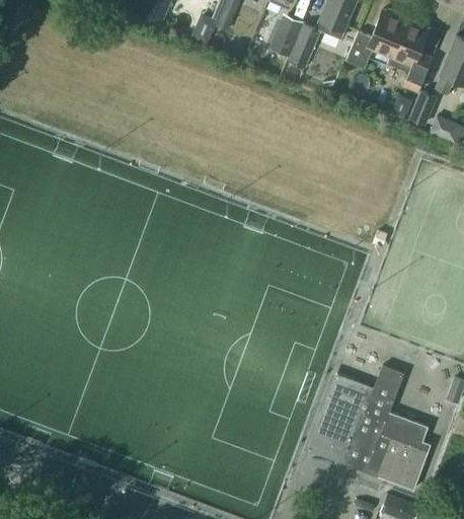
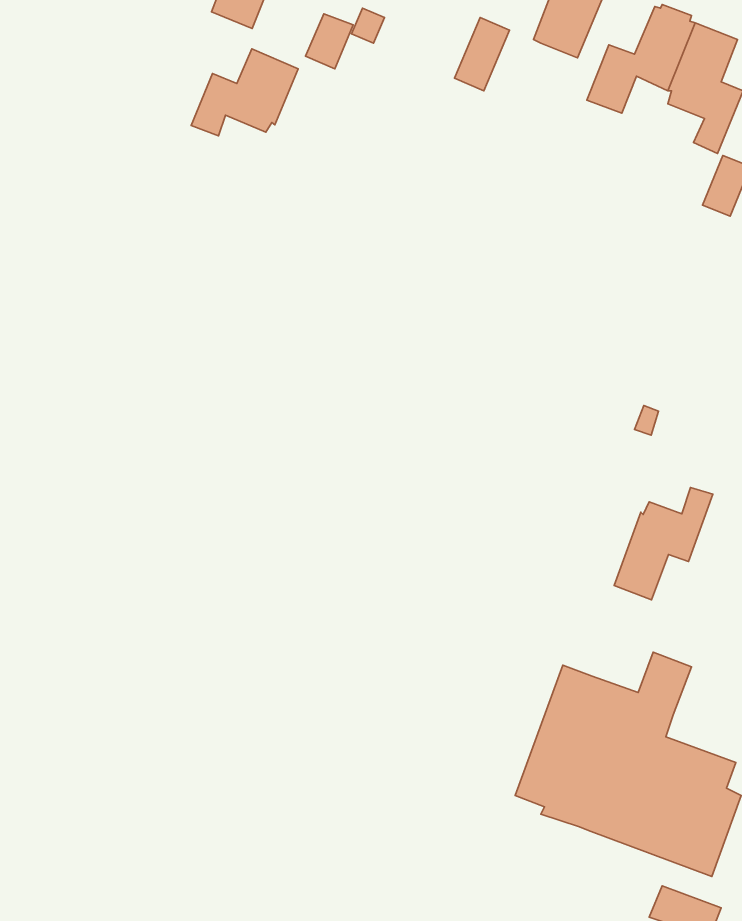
building: [288,23,320,68] -> none
building: none -> [191,49,298,136]
building: none -> [614,487,713,600]

